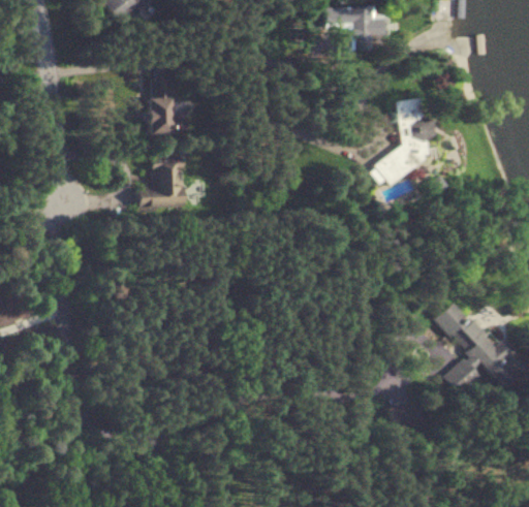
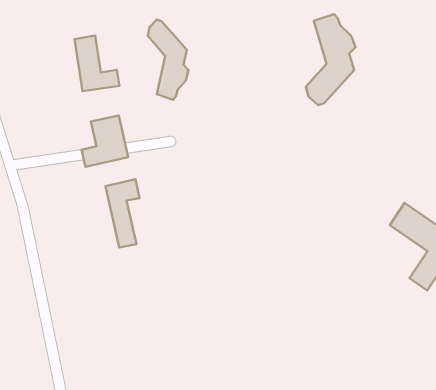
building: none -> [148,19,189,100]
building: none -> [105,179,140,248]

